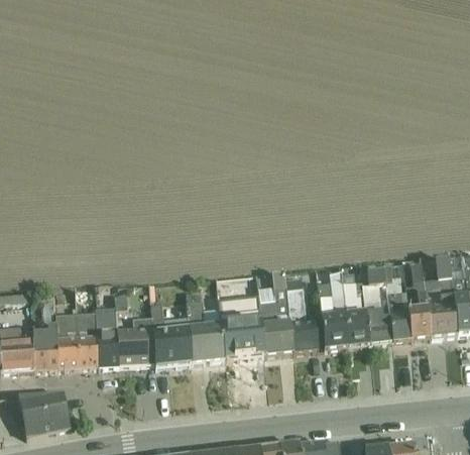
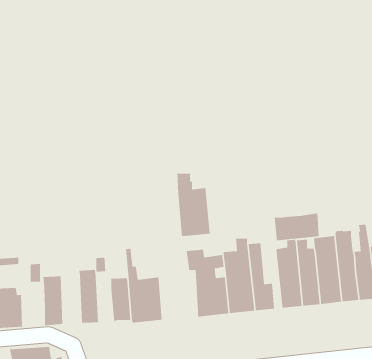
building: none -> [274,213,319,241]
building: [186,293,224,364] -> [177,173,211,237]
building: [77,314,99,369] -> none
building: [32,327,57,372] -> none
building: [117,330,135,367] -> none

